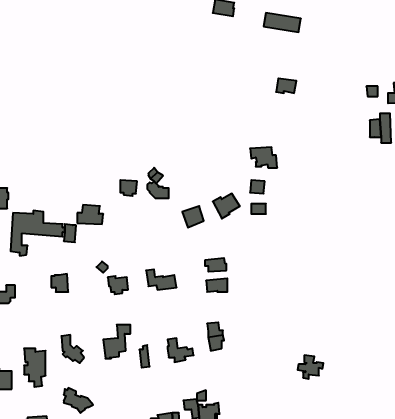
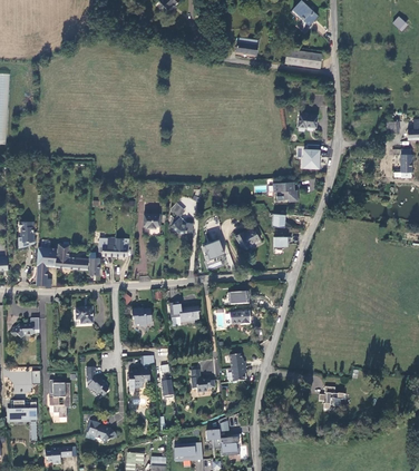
building: none -> [296,148,321,169]

